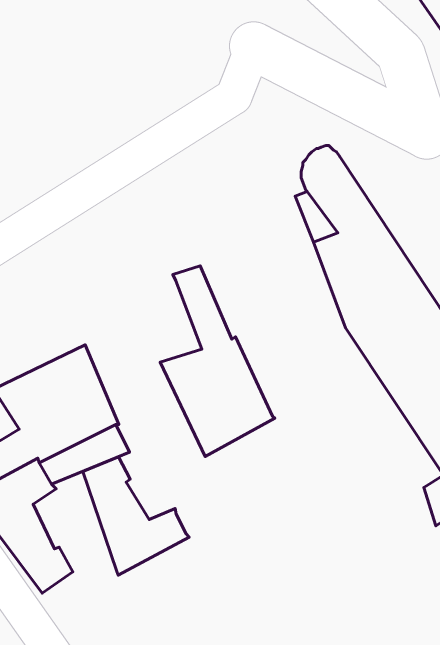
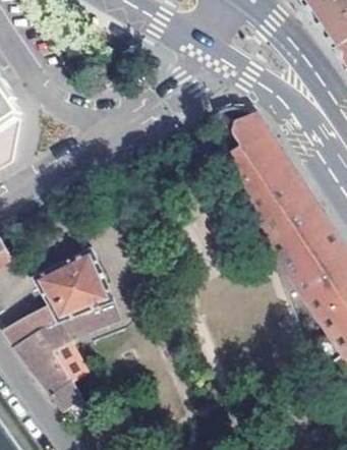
building: [160,266,275,456] -> none
building: [83,457,189,575] -> none

